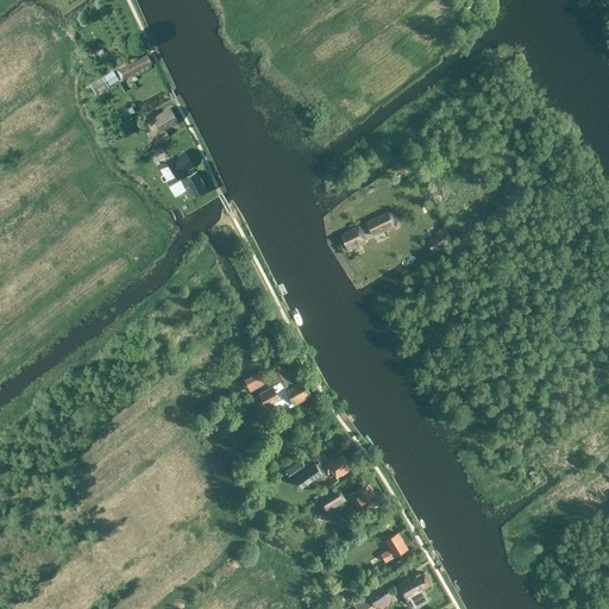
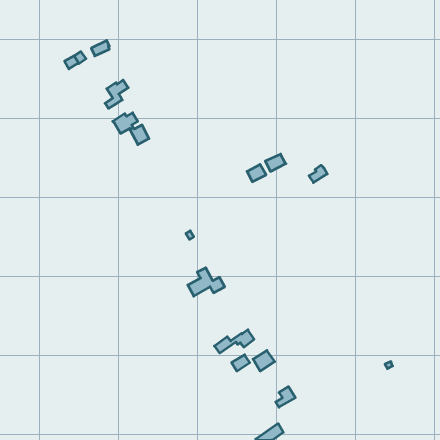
building: [397,573,432,603] -> none

